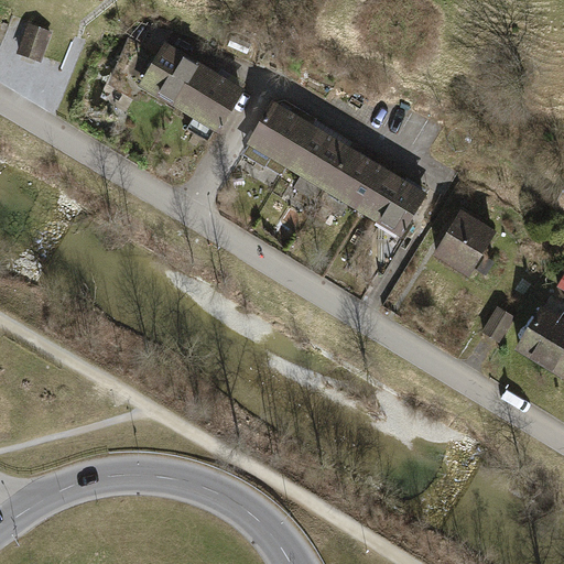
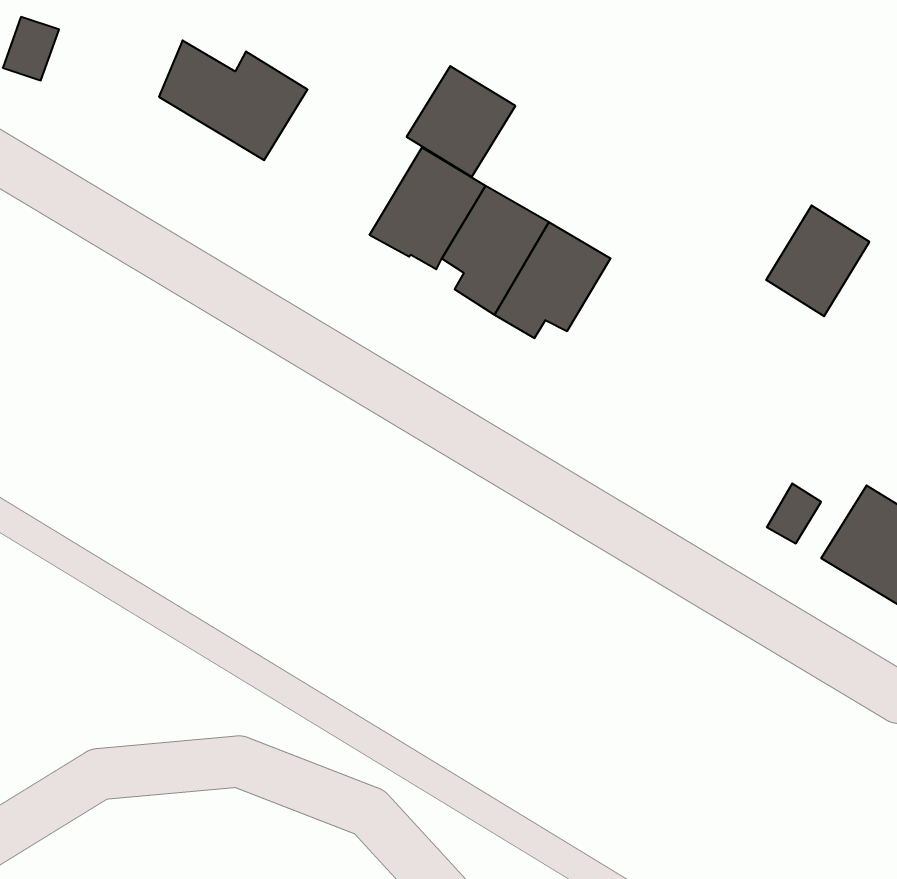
building: [177,65,243,132] -> [407,66,515,177]
building: [361,167,425,235] -> none
building: [435,209,498,276] -> [766,205,869,316]

